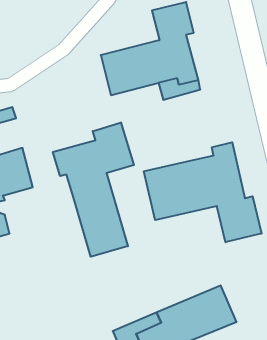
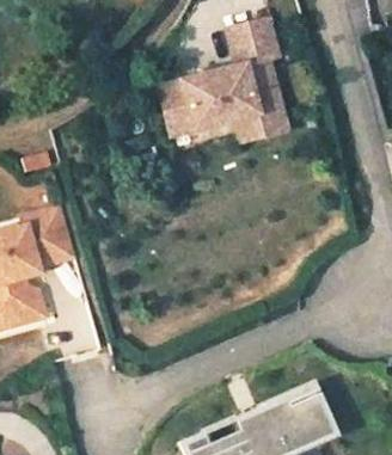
building: [53,122,134,257] -> none
building: [144,142,262,242] -> none

